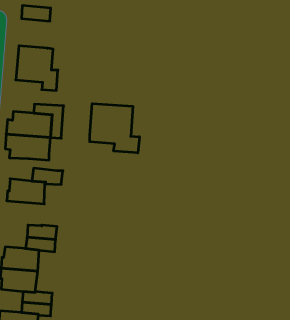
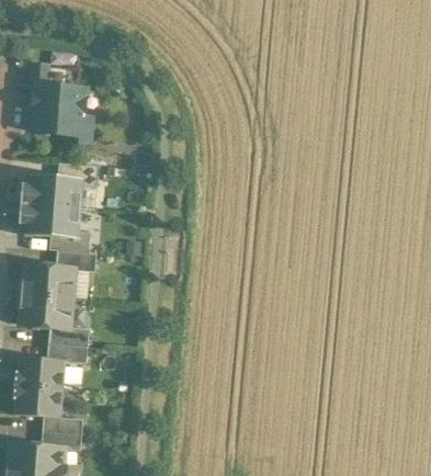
building: [22,6,51,21] -> [37,67,77,88]
building: [90,104,139,153] -> none
building: none -> [49,231,90,253]
building: none -> [20,294,71,328]

